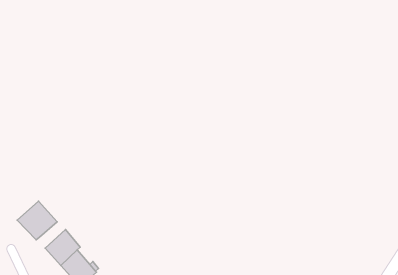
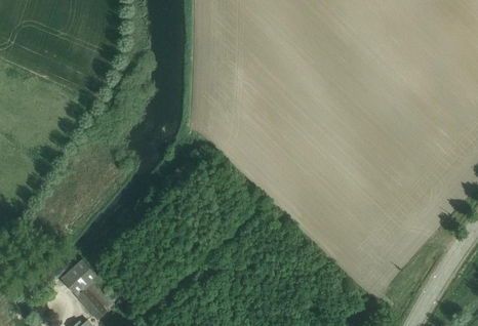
building: [17,201,57,240] -> none

